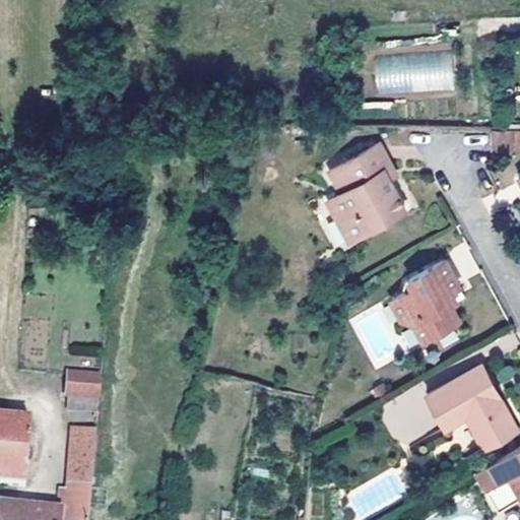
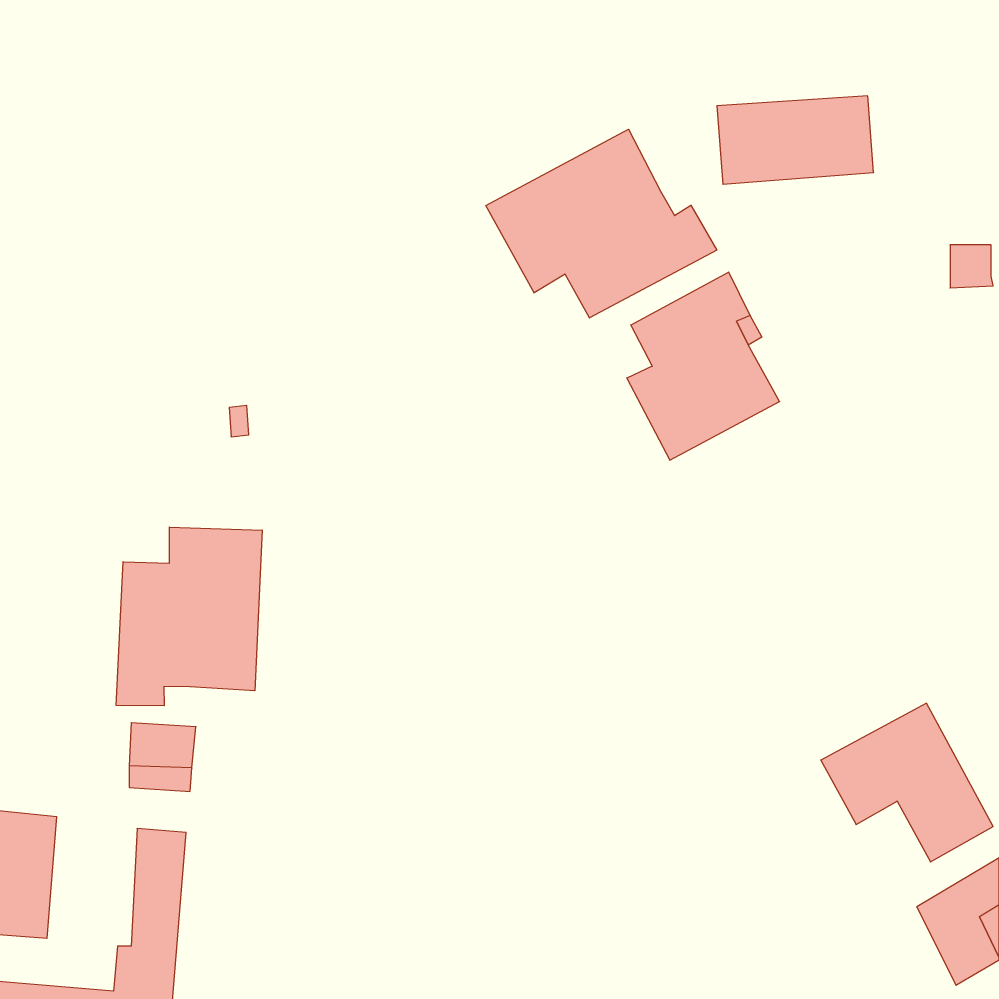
building: none -> [486,129,717,318]
building: [390,260,464,340] -> none
building: none -> [116,527,262,706]

